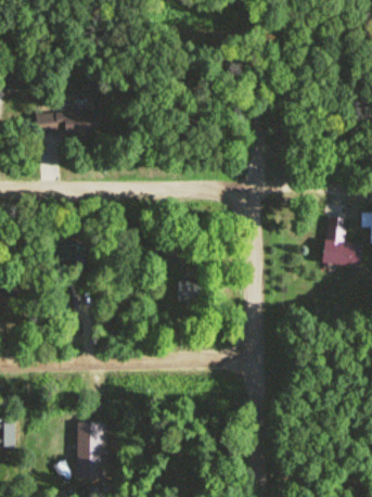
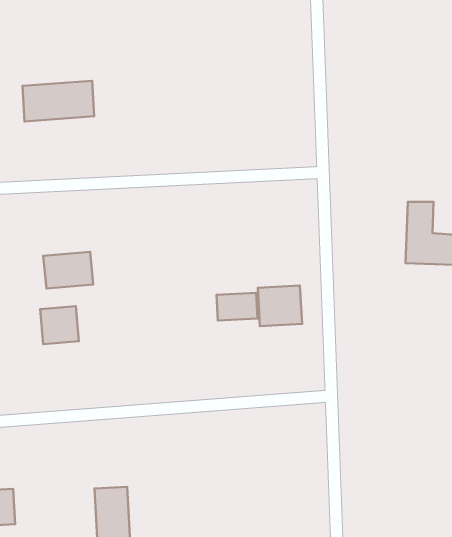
building: none -> [258,285,302,326]
building: none -> [40,306,79,344]

